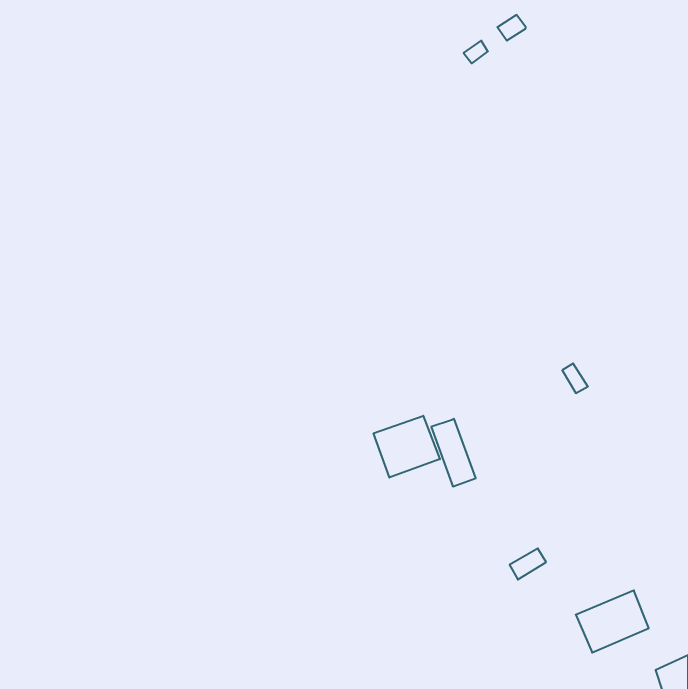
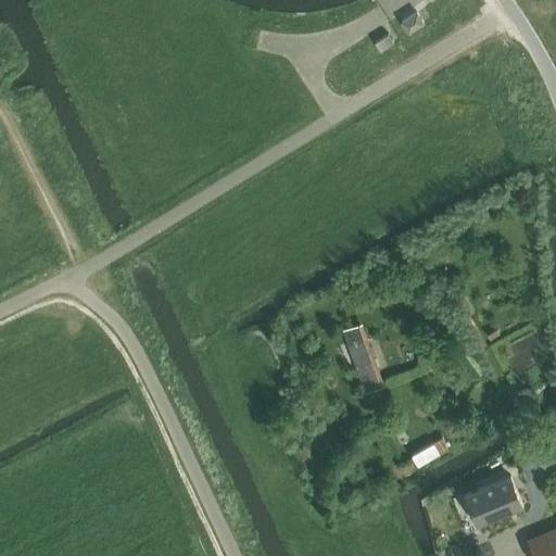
building: [374,416,440,478] -> none

